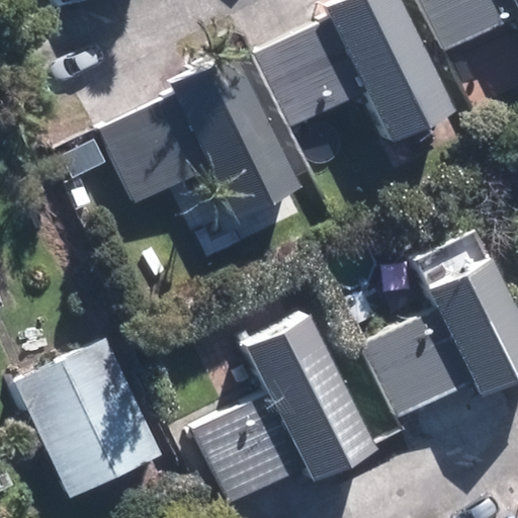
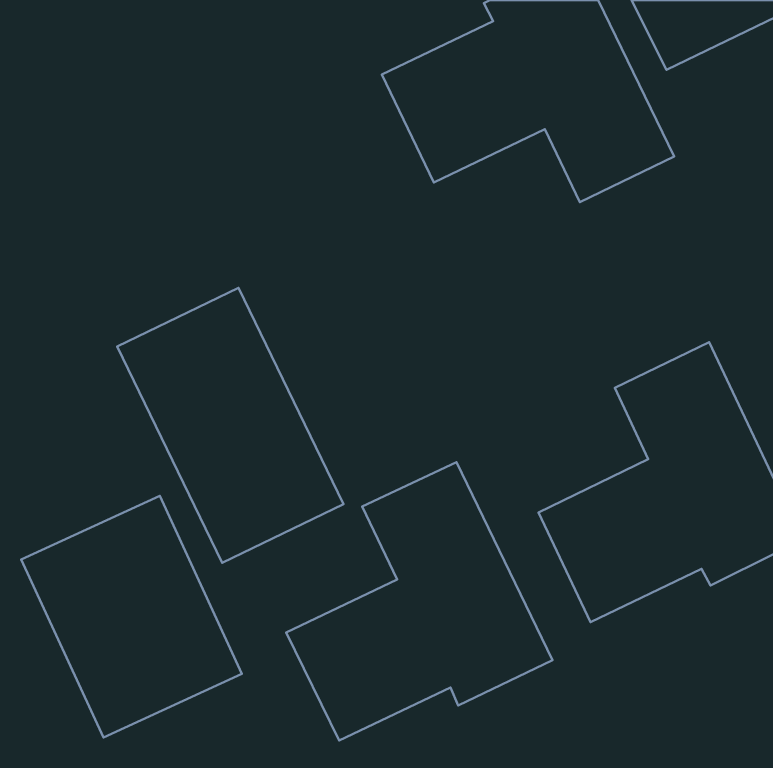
building: [102,55,297,217] -> none
building: none -> [117,288,343,563]

